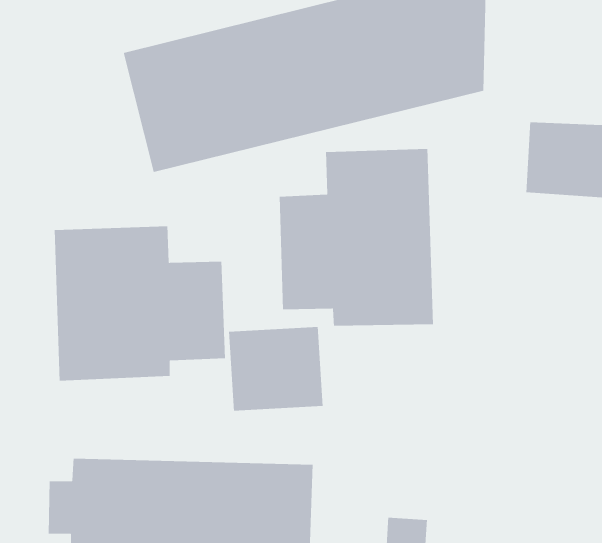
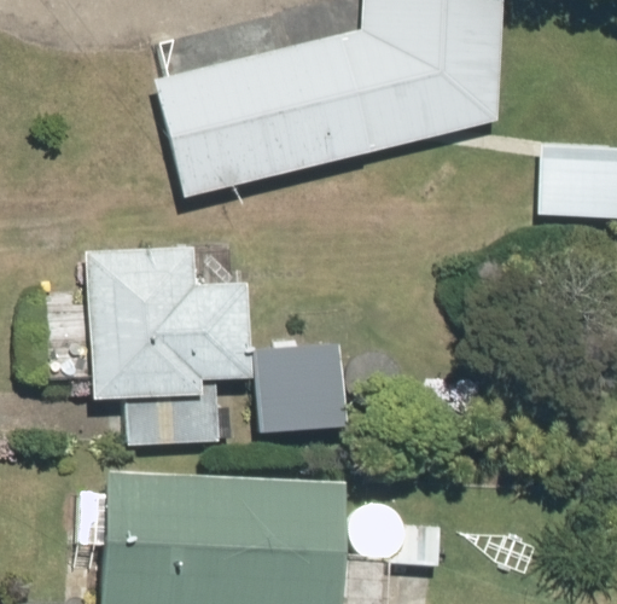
building: [279,148,434,327] -> none

